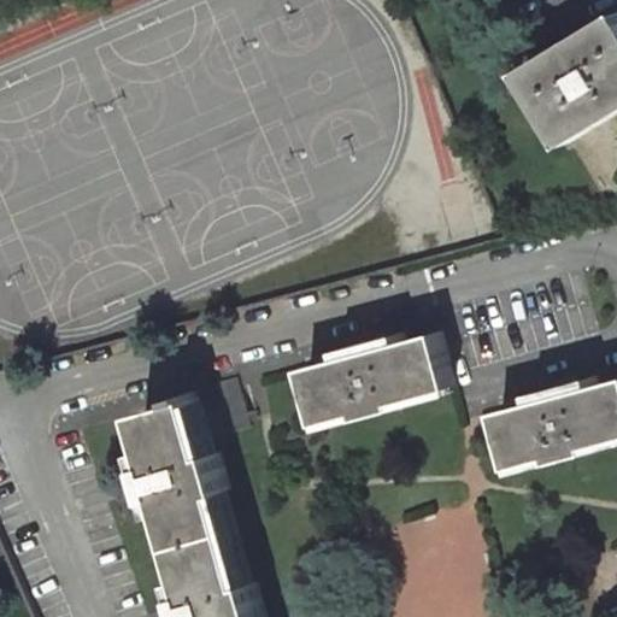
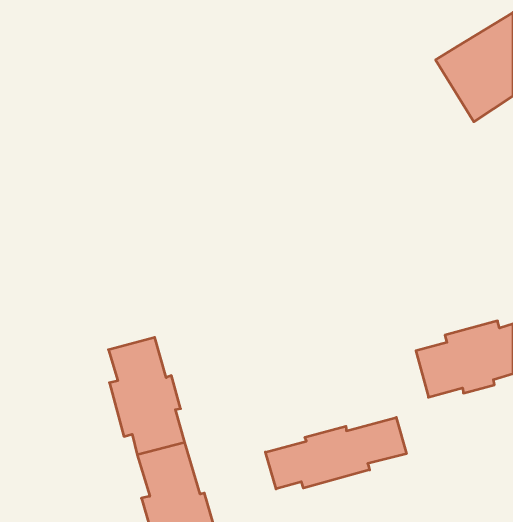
building: [293,335,441,427] -> none
building: none -> [265,417,406,489]

